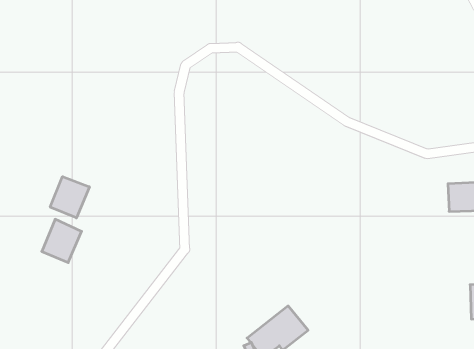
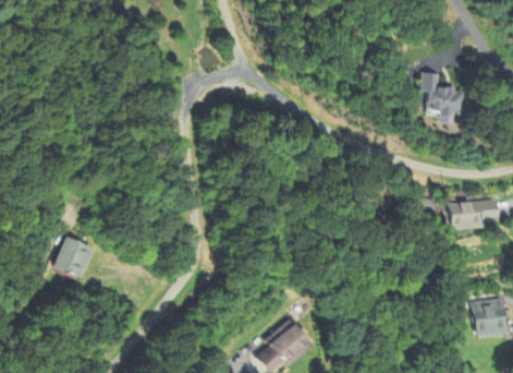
building: none -> [422,71,457,123]
building: [50,177,89,218] -> none

